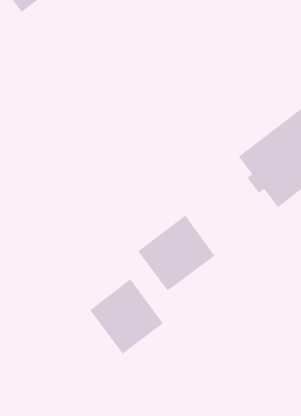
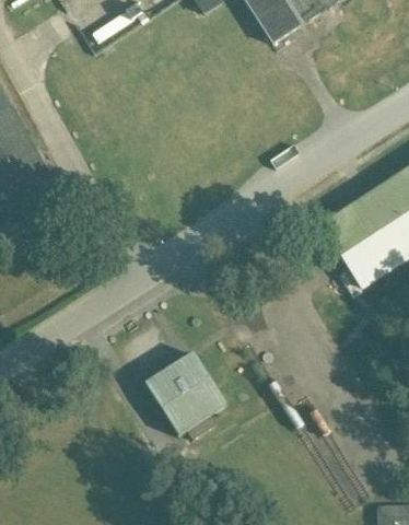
building: [137,214,215,292] -> none

